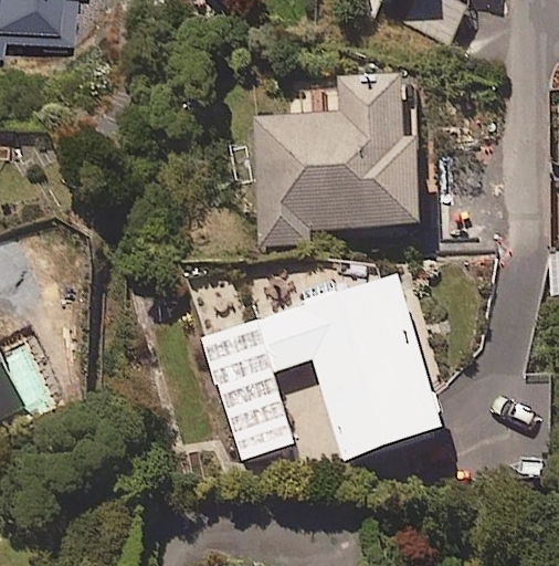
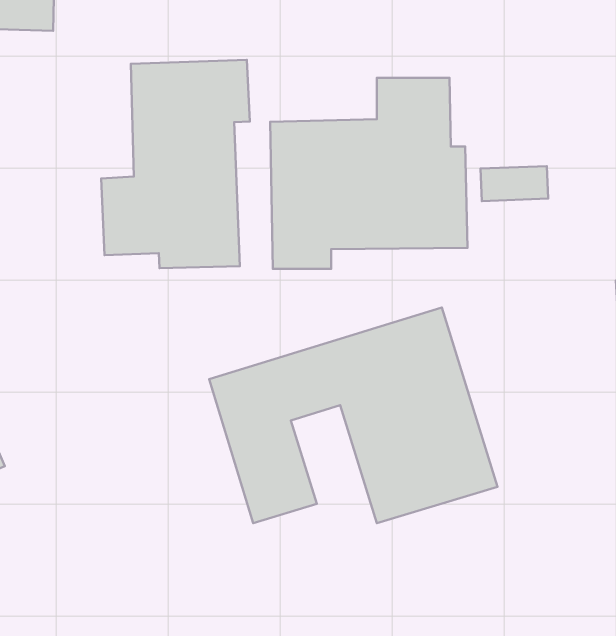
building: none -> [101,60,250,268]

